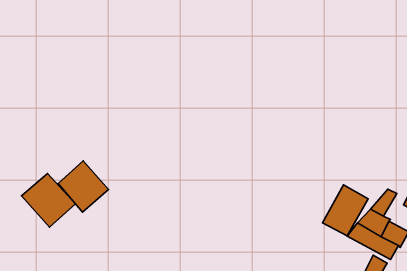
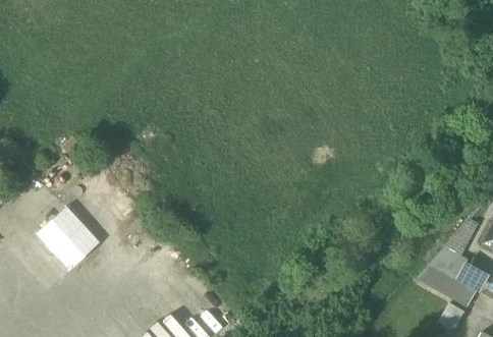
building: [58,161,108,212] -> none
building: [323,185,368,236] -> none

